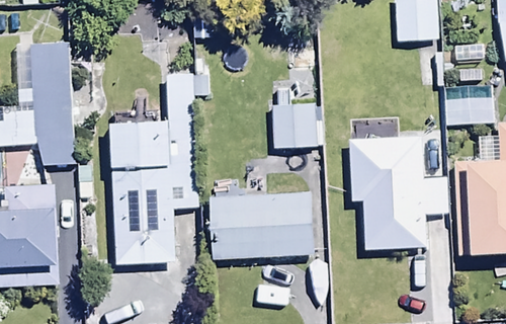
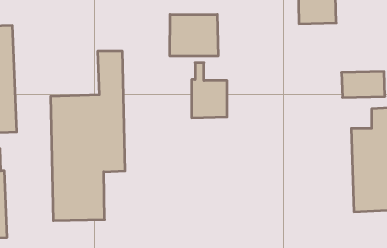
building: none -> [170,14,218,56]
building: [349,135,448,249] -> none
building: [212,192,315,260] -> none

